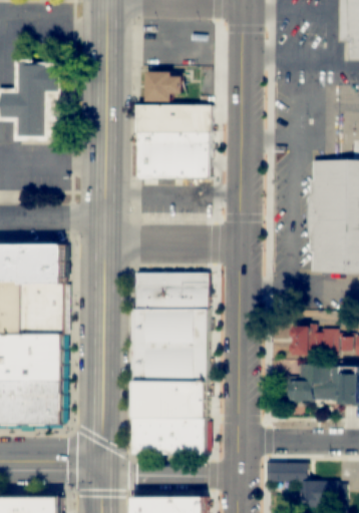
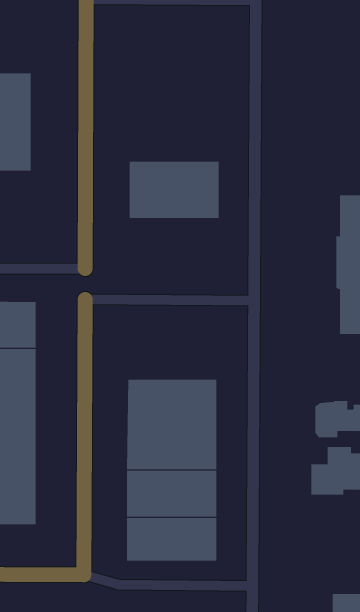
building: [141,71,178,101] -> none
building: [137,105,211,132] -> none
building: [136,272,209,308] -> none
building: [268,461,308,480] -> none

